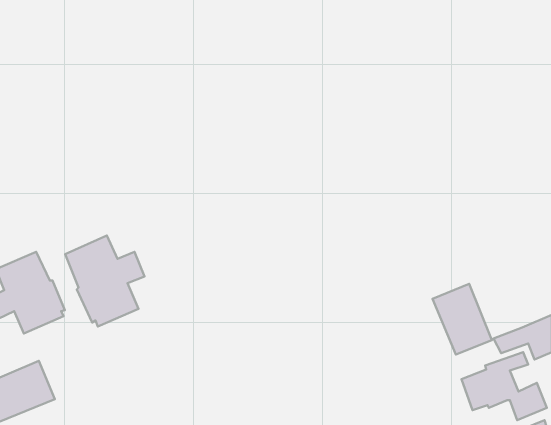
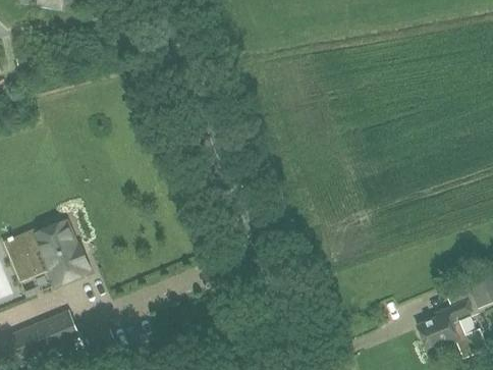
building: [65,235,144,326] -> none
building: [432,284,492,354] -> none

